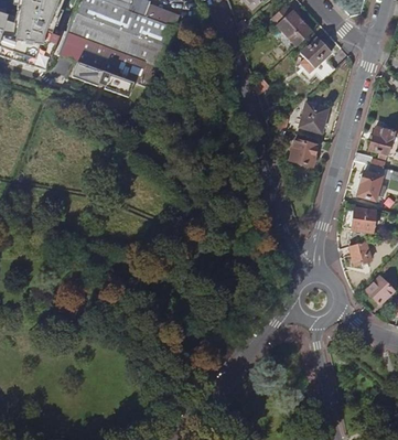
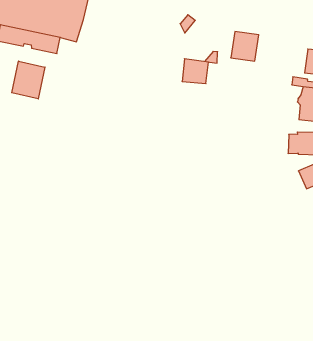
building: none -> [12,61,45,99]
building: [291,138,320,165] -> [182,59,208,84]

